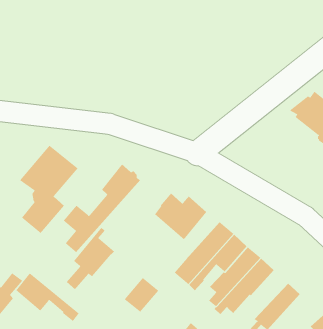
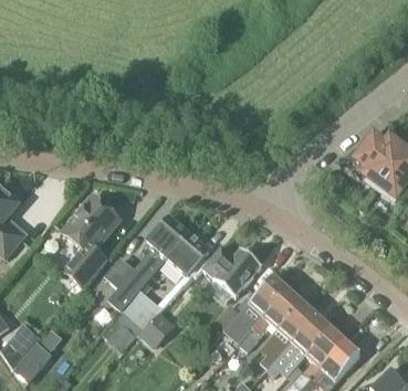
building: none -> [166,230,210,274]
building: none -> [302,326,346,378]
building: [15,273,79,322] -> none
building: [124,277,159,313] -> [138,309,176,347]

